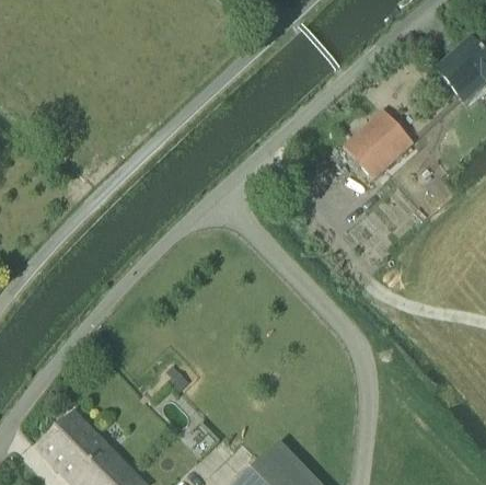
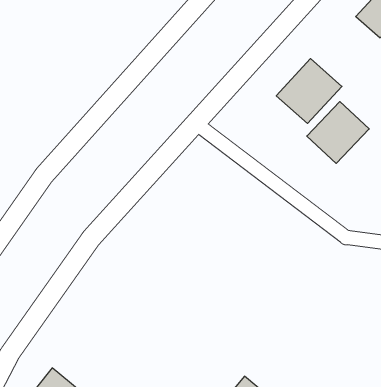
building: none -> [307,102,369,163]

